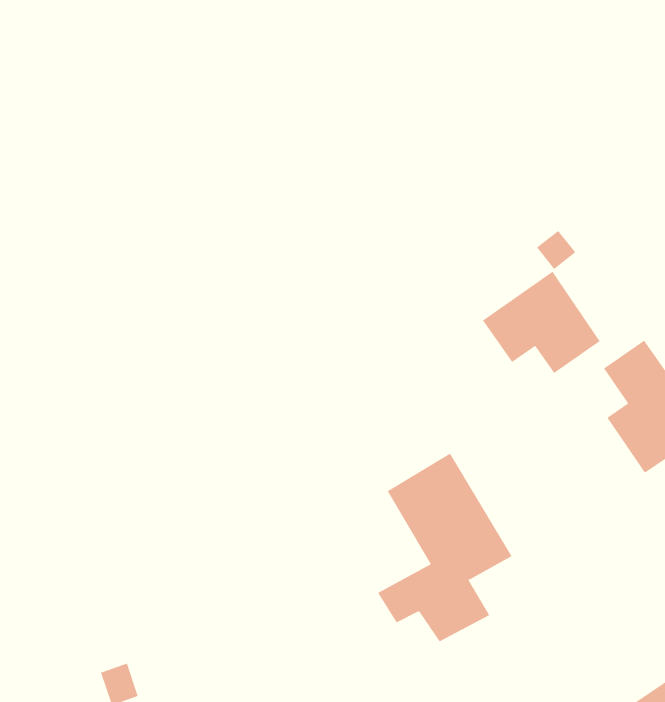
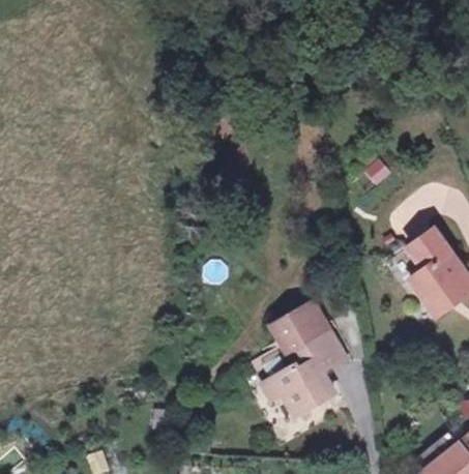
building: [482,271,600,374] -> none

